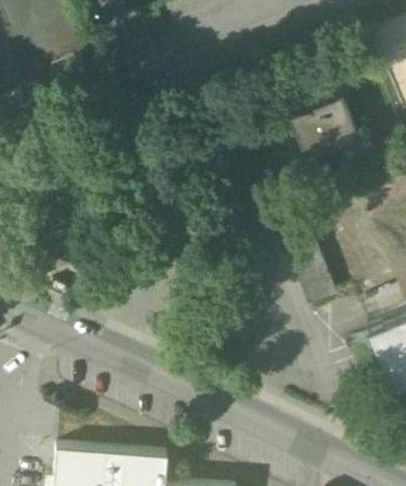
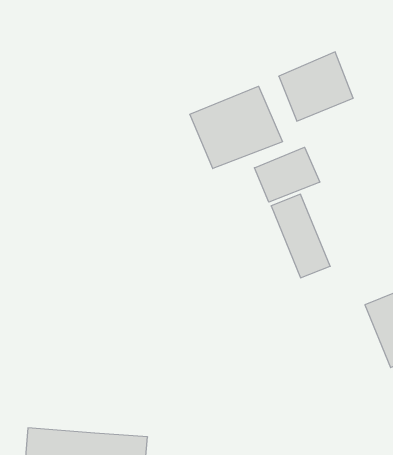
building: none -> [190,86,282,169]
building: none -> [254,147,320,202]

